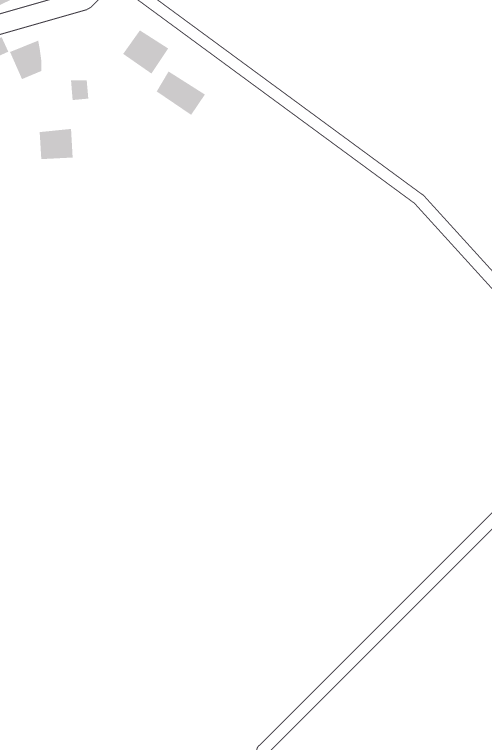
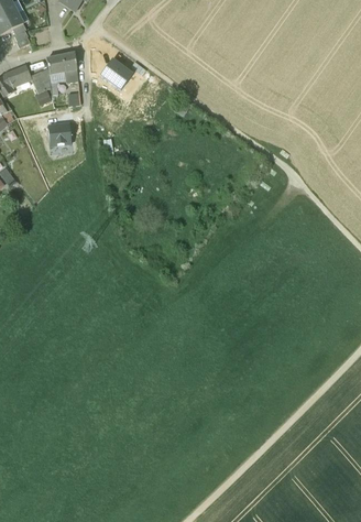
building: none -> [46,52,78,81]
building: [156,70,206,116] -> none

